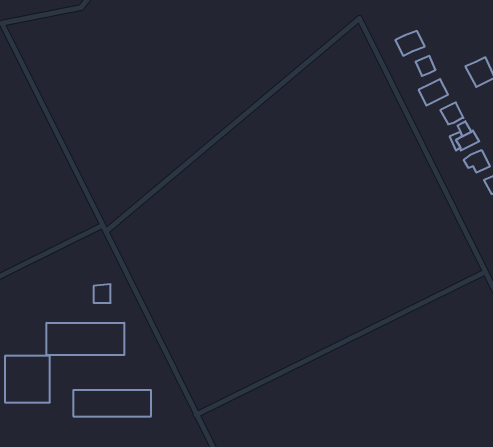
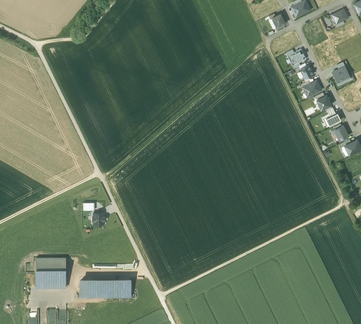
building: [47,323,124,355] -> none

